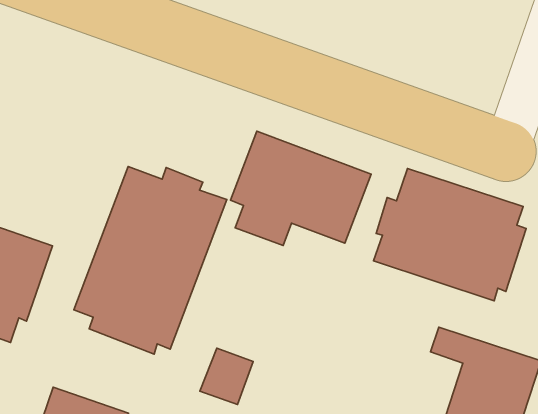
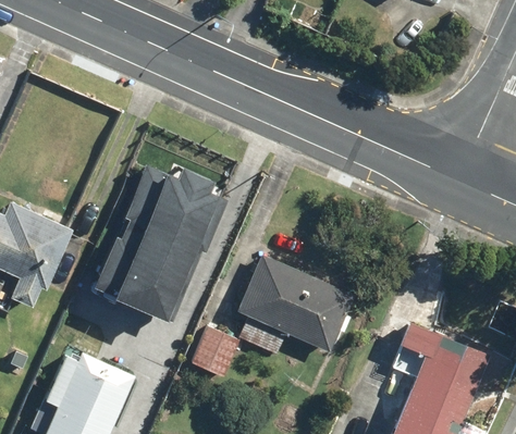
building: [231,131,371,245] -> [237,252,360,355]
building: [373,169,526,301] -> none

